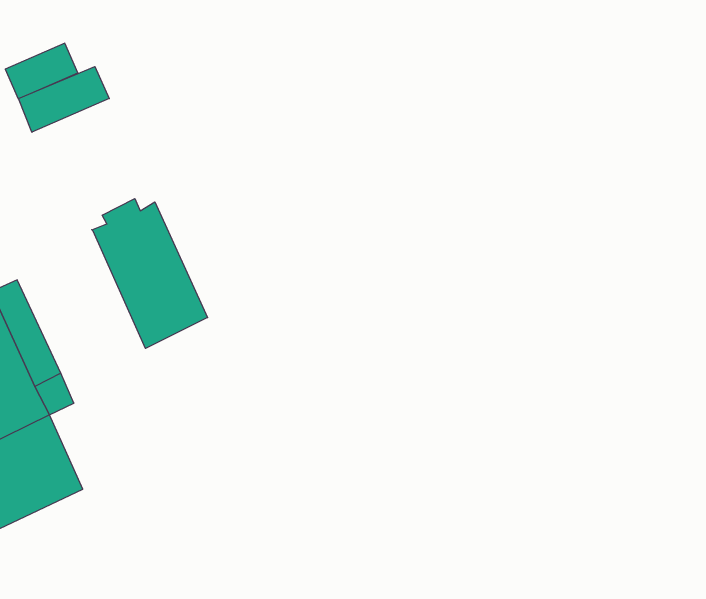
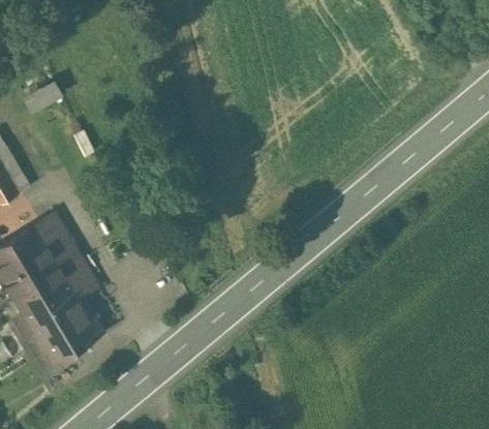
building: [18,67,109,132] -> none
building: [92,199,208,348] -> none

